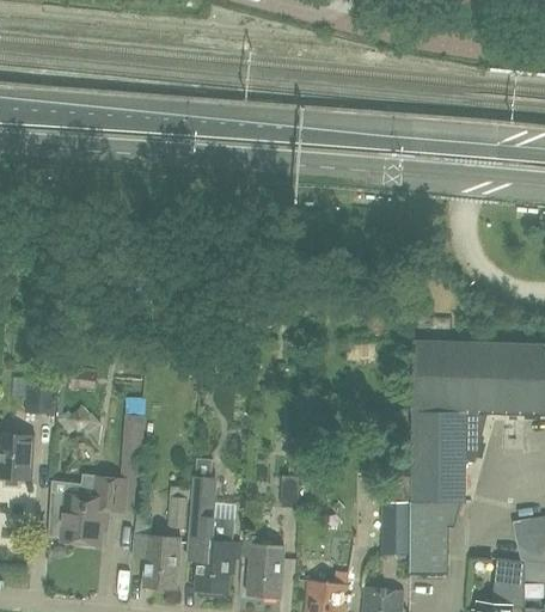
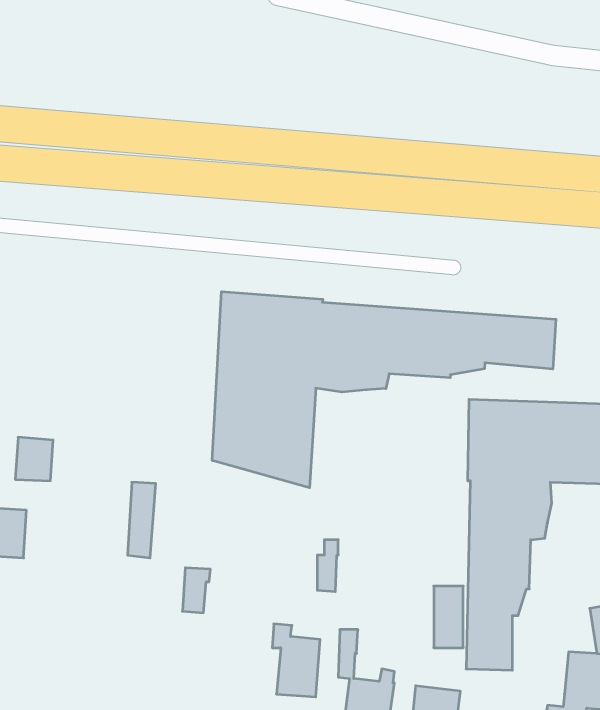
building: none -> [212,292,556,488]
building: [188,458,243,596] -> none
building: [48,476,127,545] -> none
building: [133,514,182,588] -> none

